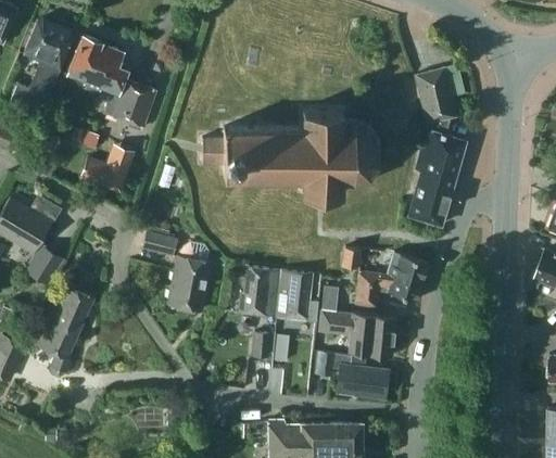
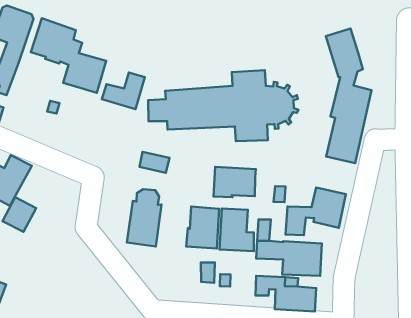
building: [80,148,132,191] -> [102,73,145,109]
building: none -> [214,167,256,197]
building: [142,231,178,257] -> [140,152,170,173]
building: [34,285,94,378] -> none

